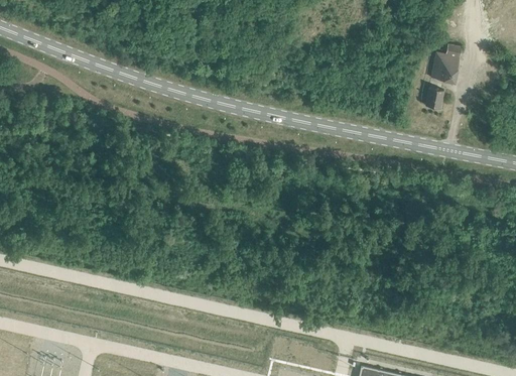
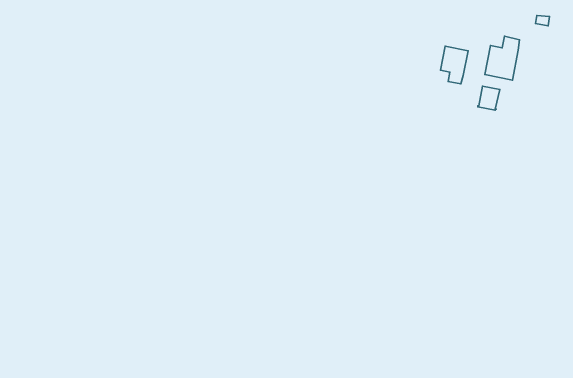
building: none -> [440,46,468,84]

